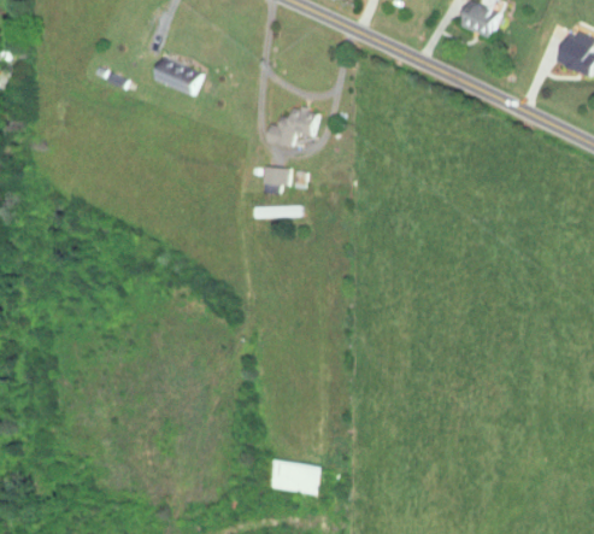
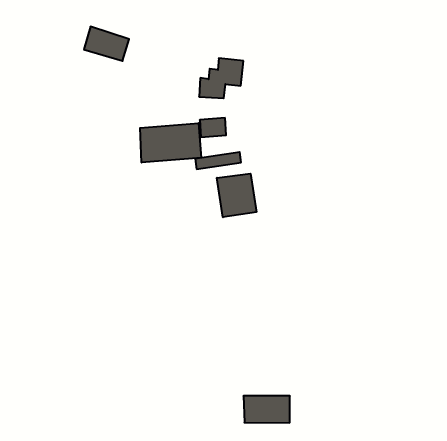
building: none -> [140,123,201,163]
building: none -> [217,174,256,217]

